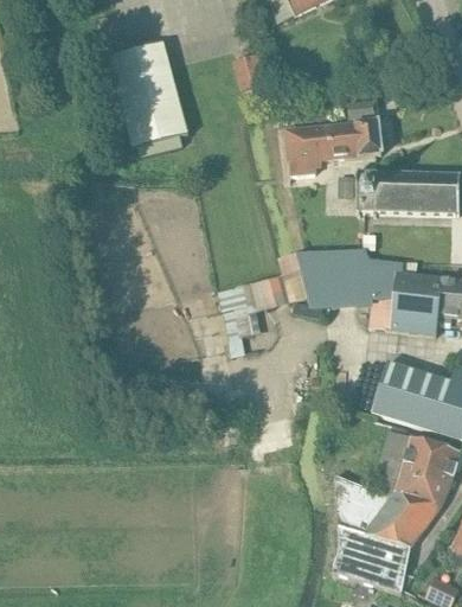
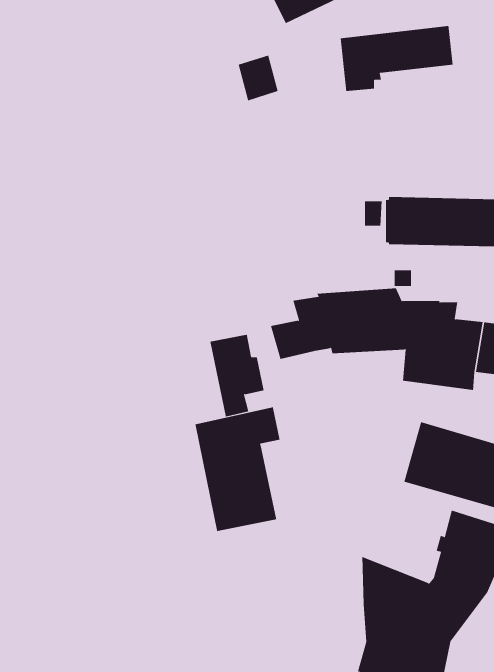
building: [108,41,187,156] -> none
building: [285,120,381,175] -> [340,25,454,92]
building: none -> [195,407,280,532]

